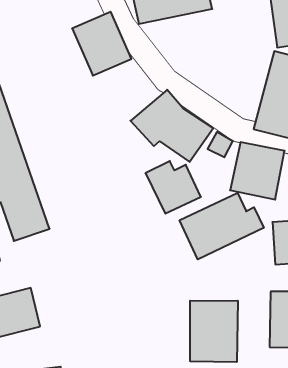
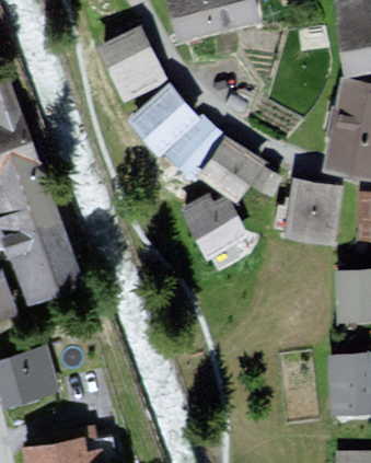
building: none -> [125,83,199,157]
building: [180,193,264,259] -> none
building: [190,301,238,362] -> none

